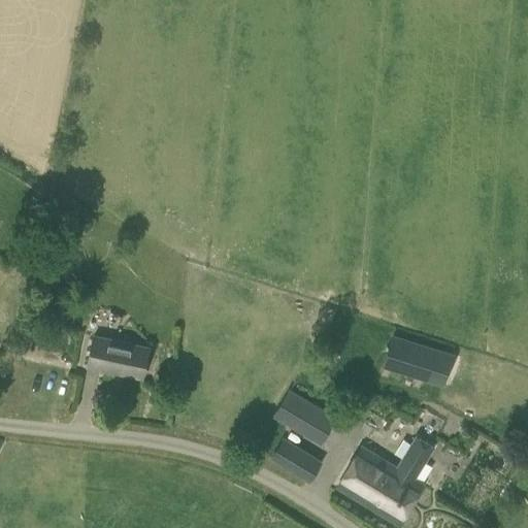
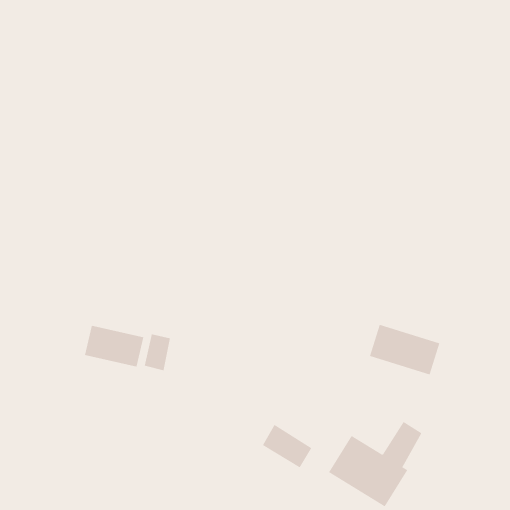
building: none -> [144,333,171,371]
building: [272,390,337,447] -> none

